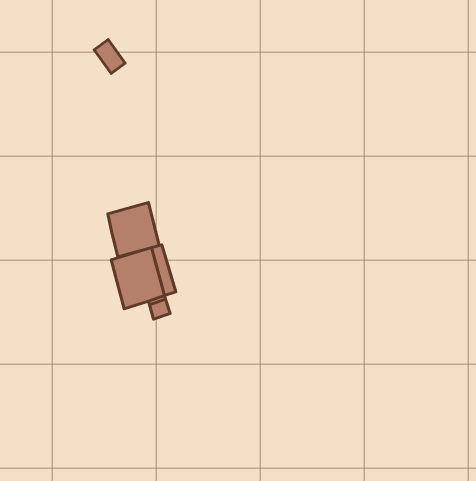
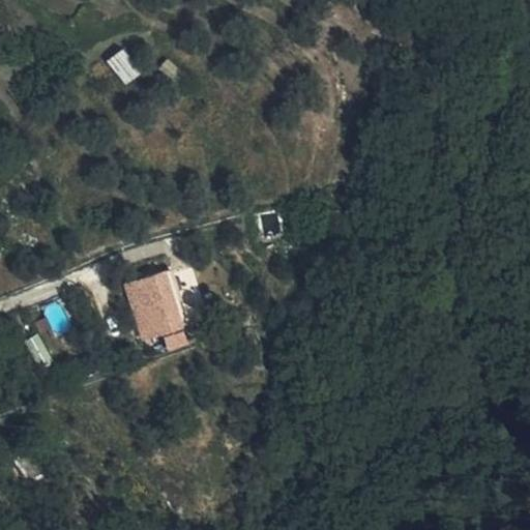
building: [108,203,159,257] -> none

